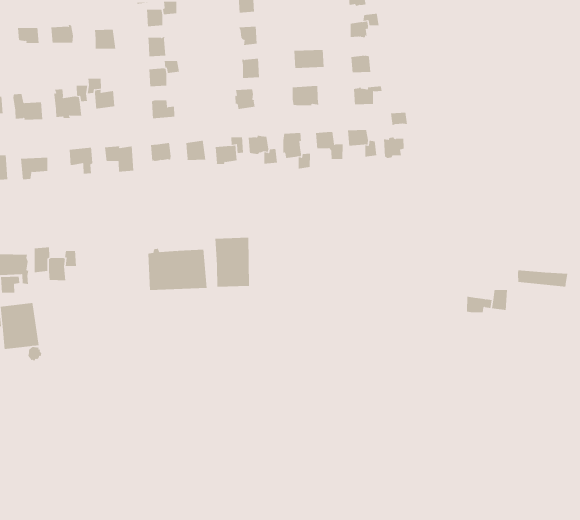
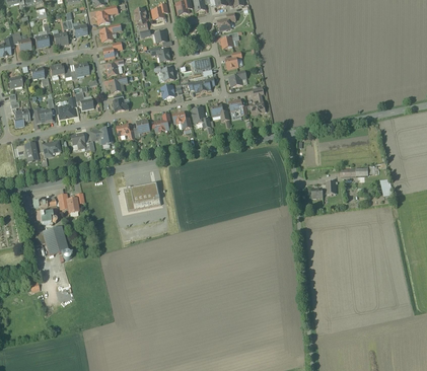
building: [215,237,249,288] -> none

